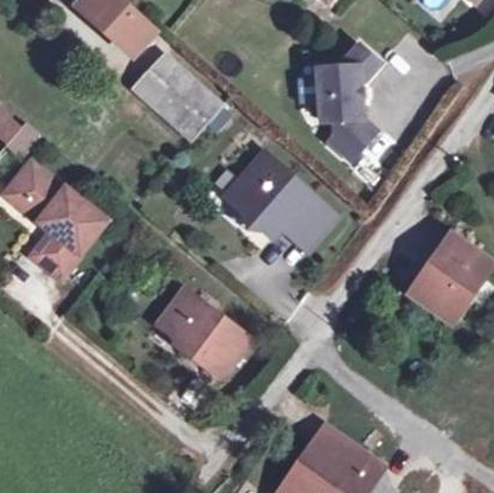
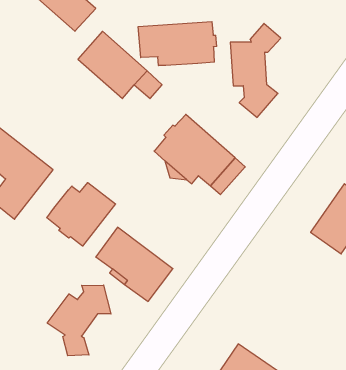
building: none -> [138,22,217,66]
building: none -> [47,183,116,246]
building: none -> [47,285,111,356]

